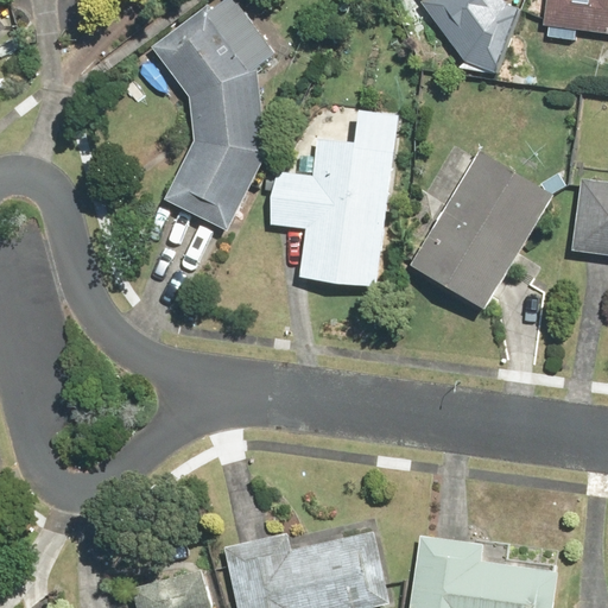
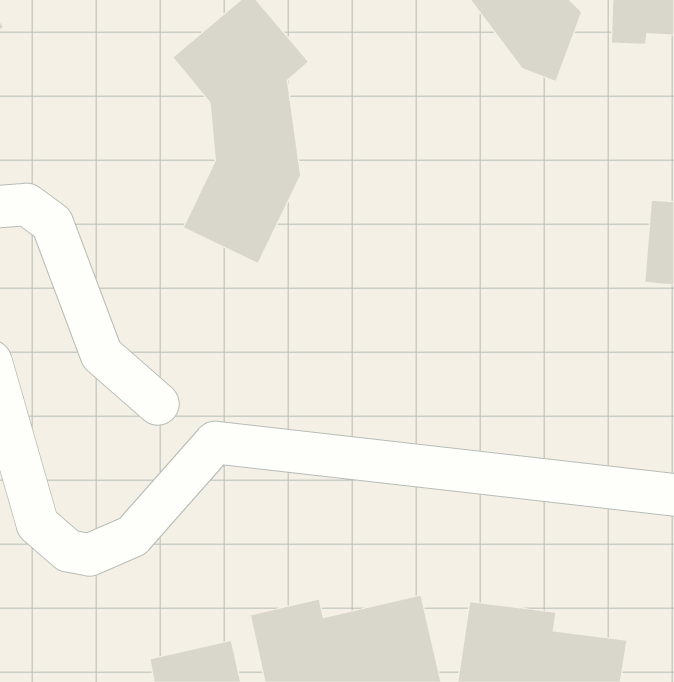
building: [270,113,388,289] -> none
building: [410,151,564,309] -> none

